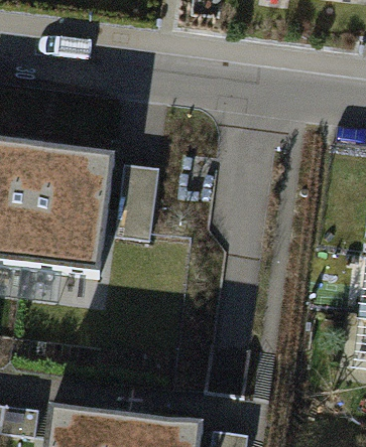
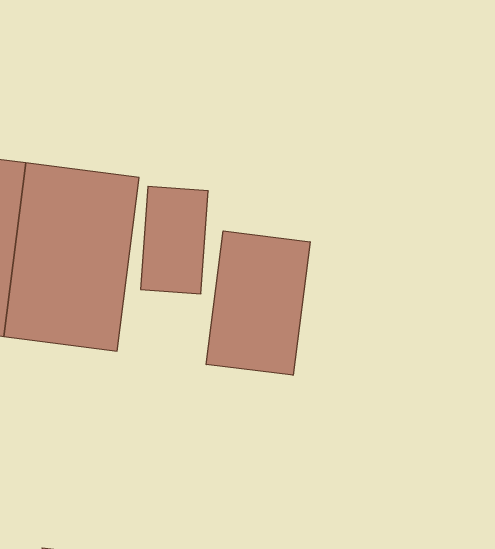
building: none -> [206,231,310,375]

